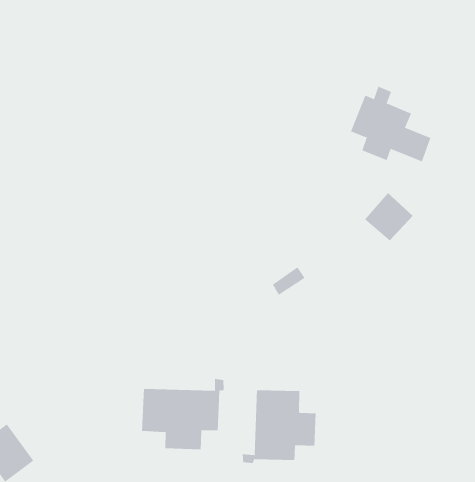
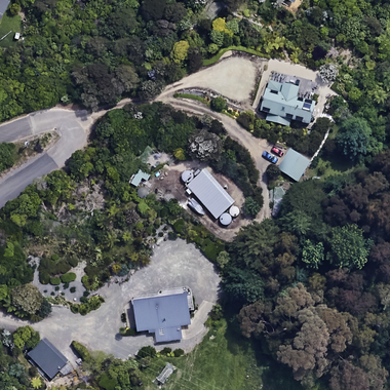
building: none -> [186,169,232,217]
building: [242,389,316,464] -> none

